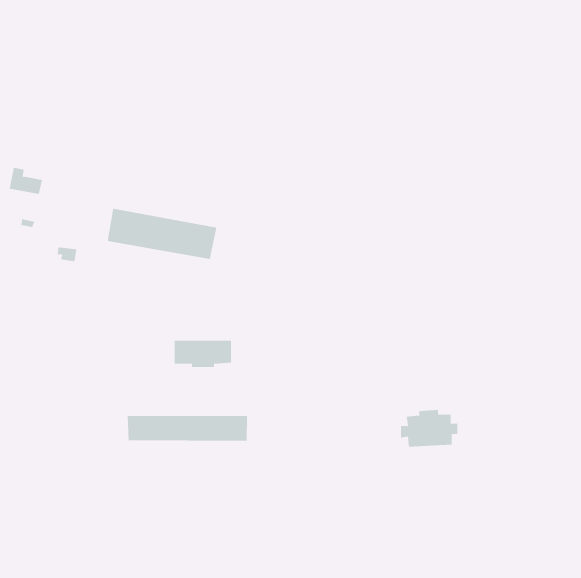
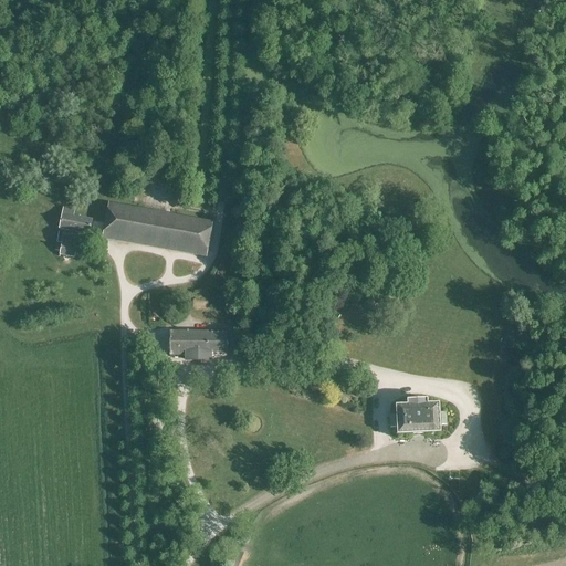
building: [9,167,43,195] -> [59,205,92,231]
building: [127,415,247,442] -> none

